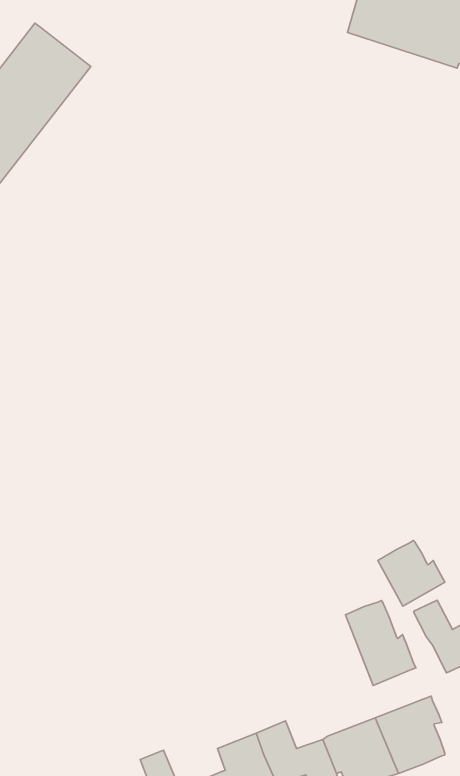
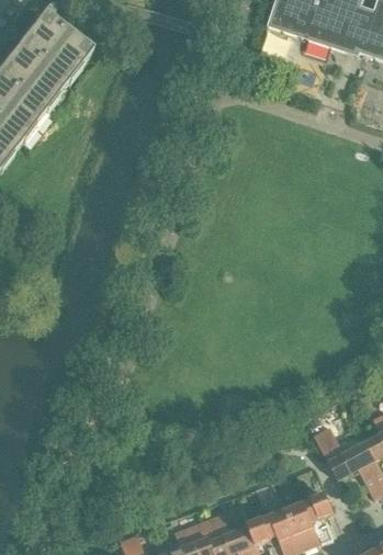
building: [378,541,445,606] -> none
building: [345,600,416,686] -> none

